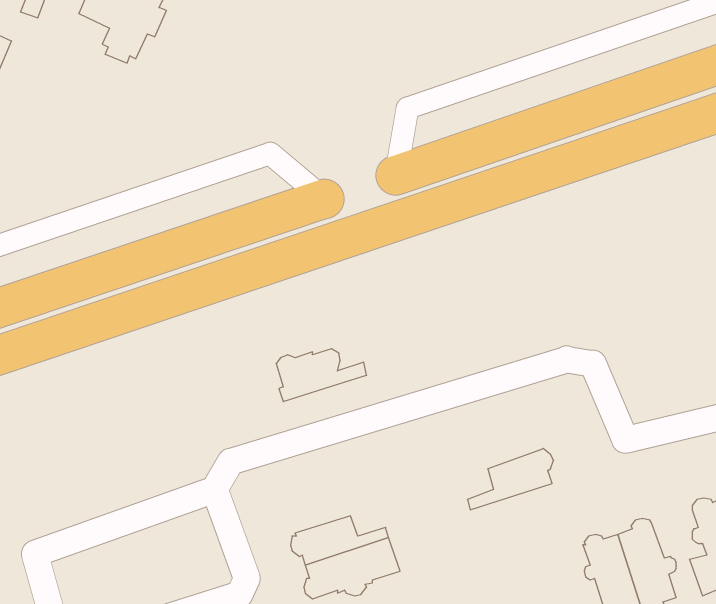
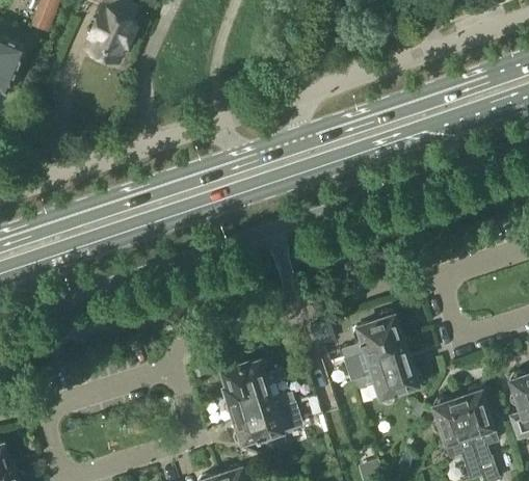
building: [276,349,367,402] -> [221,360,286,398]
building: none -> [341,311,401,358]
building: none -> [351,363,421,405]

